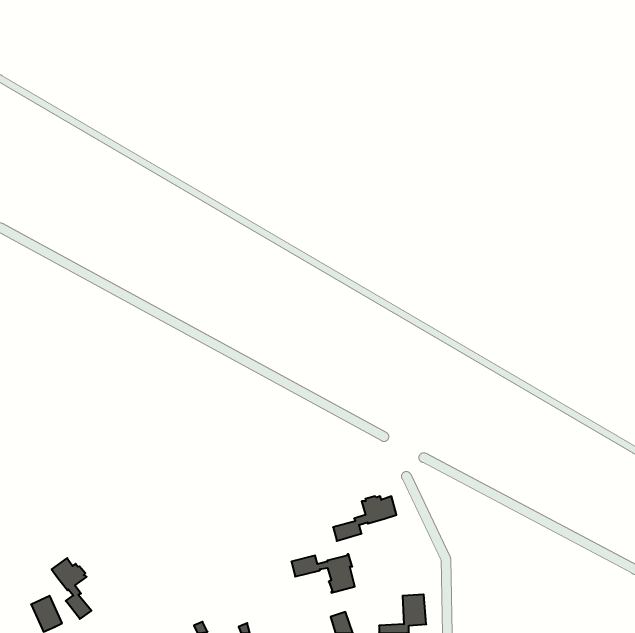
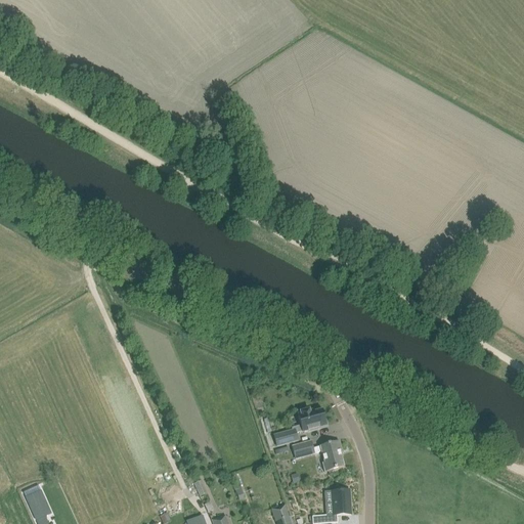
building: [291,554,355,593] -> [292,439,344,471]
building: [52,558,91,619] -> none

